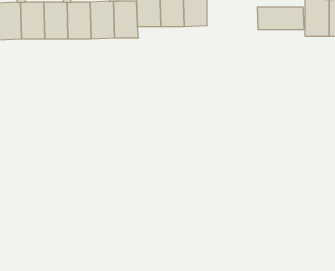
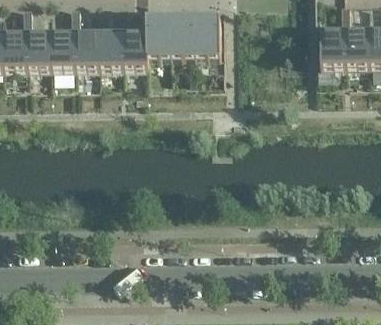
building: [257,7,304,30] -> none

